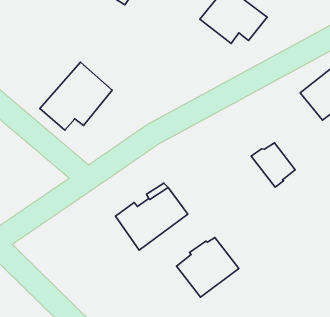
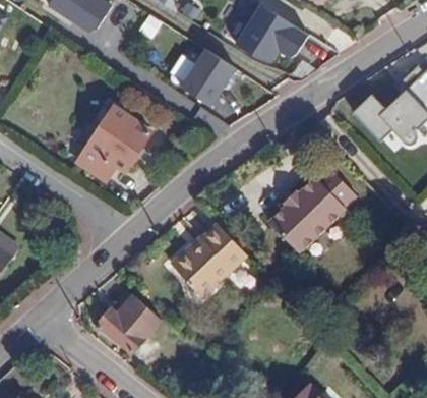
building: none -> [180,48,239,110]
building: [177,237,239,297] -> [270,185,338,251]
building: none -> [96,295,158,352]

